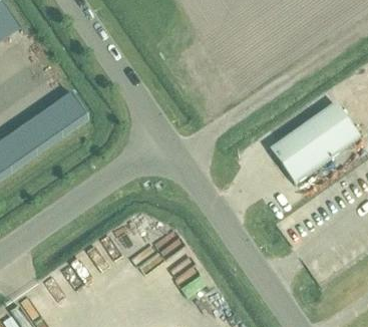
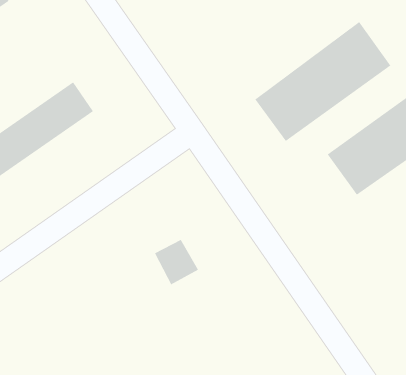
building: none -> [255,21,391,142]

